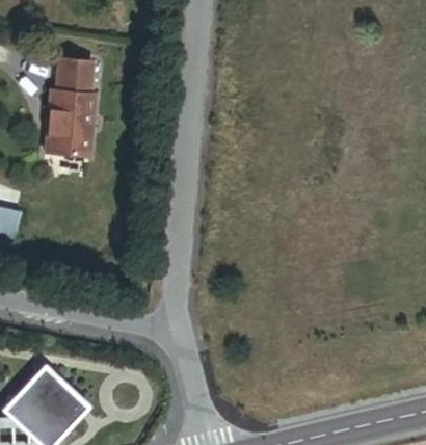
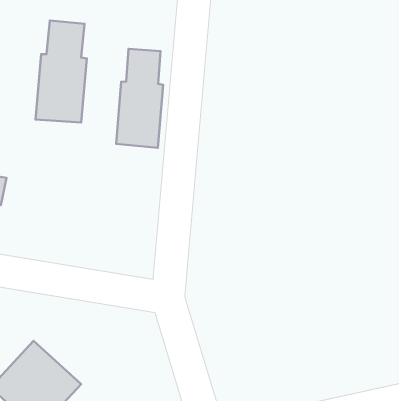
building: none -> [116,49,163,148]

